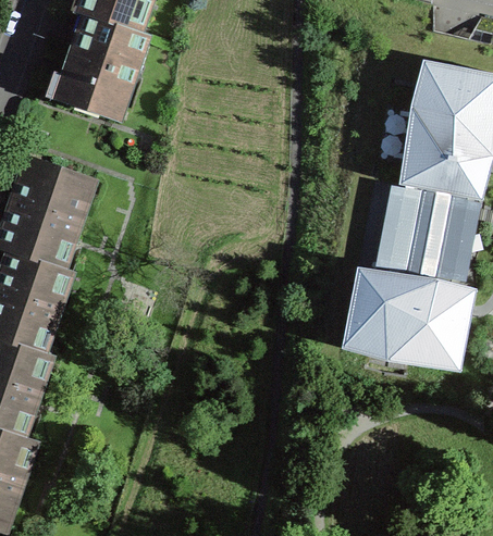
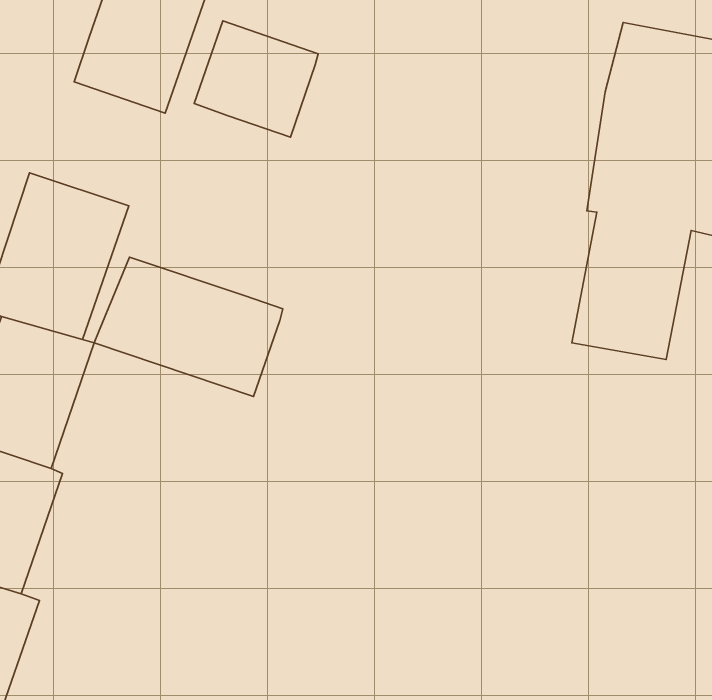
building: none -> [194,21,318,137]
building: none -> [94,257,283,397]
building: [338,266,473,371] -> none

